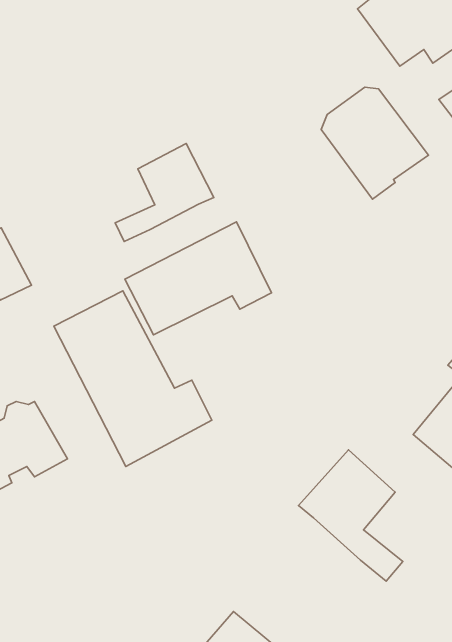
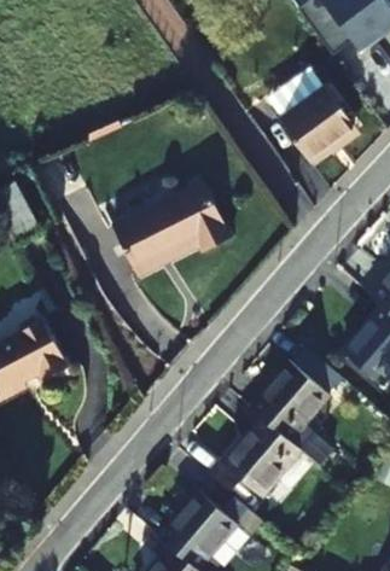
building: [115,144,214,242] -> none
building: [54,291,212,467] -> none
building: none -> [227,418,303,496]

